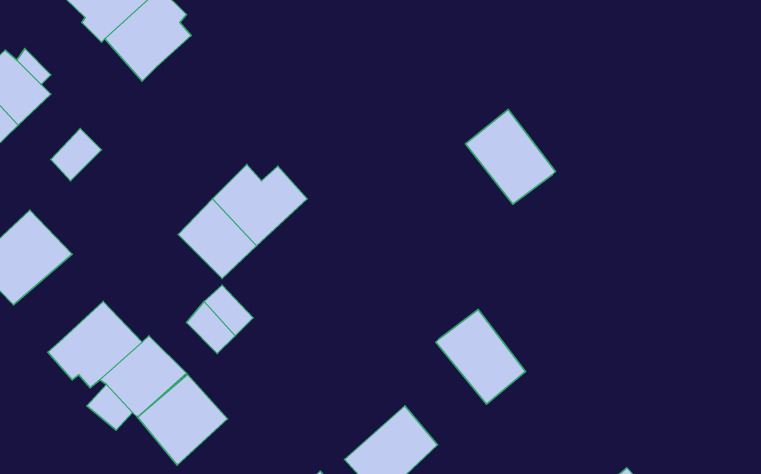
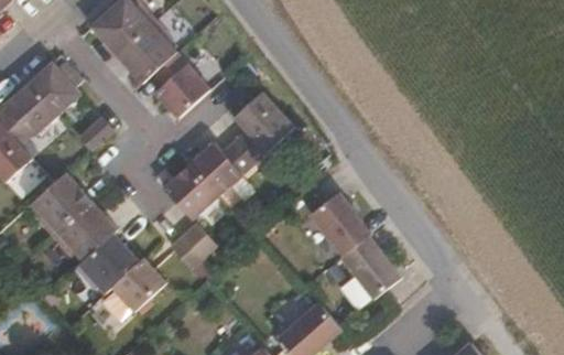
building: none -> [151,53,209,119]
building: none -> [231,89,293,163]
building: [466,110,555,204] -> [310,194,370,258]
building: none -> [54,201,119,260]
building: [137,375,227,465] -> none

